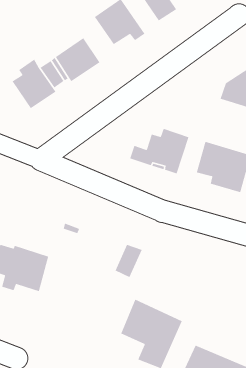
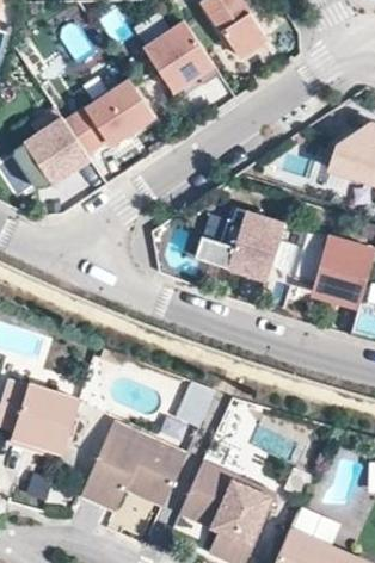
building: none -> [80,420,186,508]

